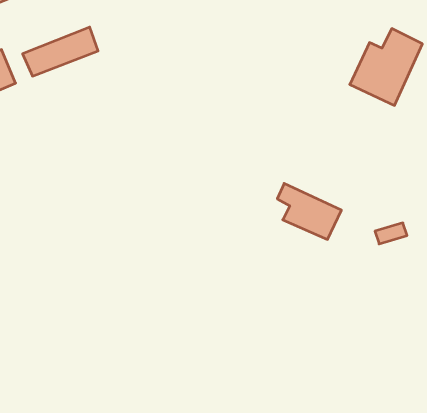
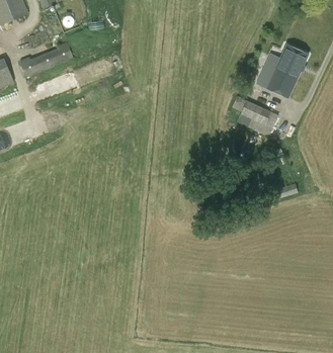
building: [277,183,341,239] -> [231,95,277,136]

